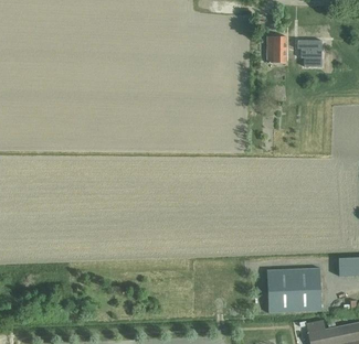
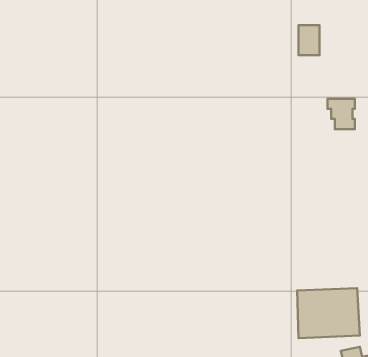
building: [298,40,323,66] -> [327,99,355,129]

